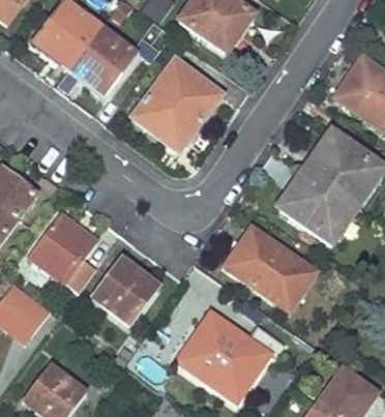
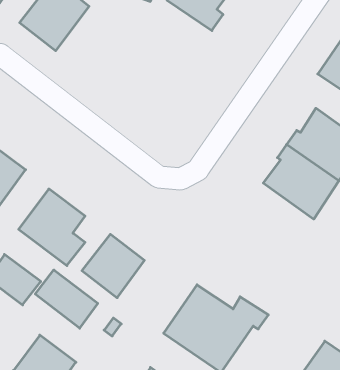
building: [66,26,139,100] -> none
building: [130,57,221,150] -> none
building: [228,227,316,309] -> none
building: none -> [35,270,98,328]

